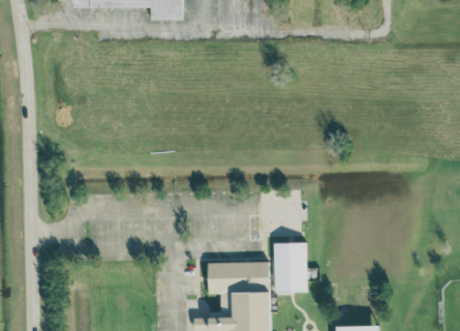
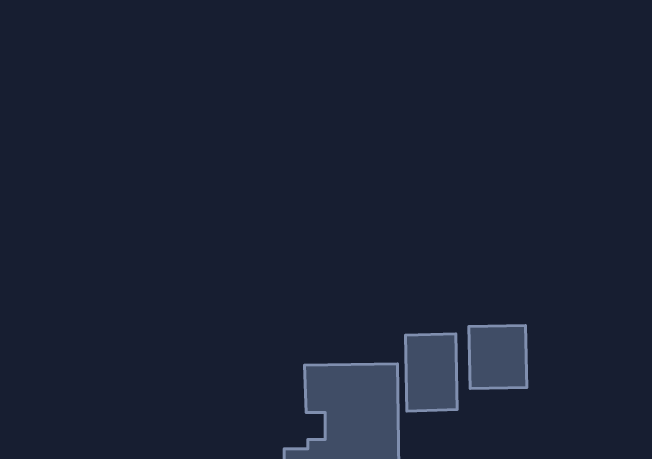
building: none -> [469,326,527,388]

